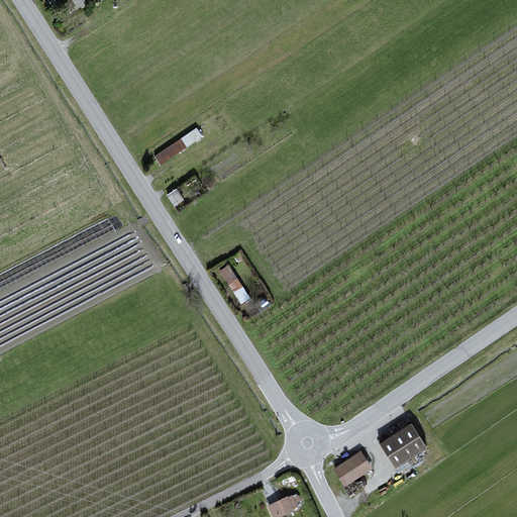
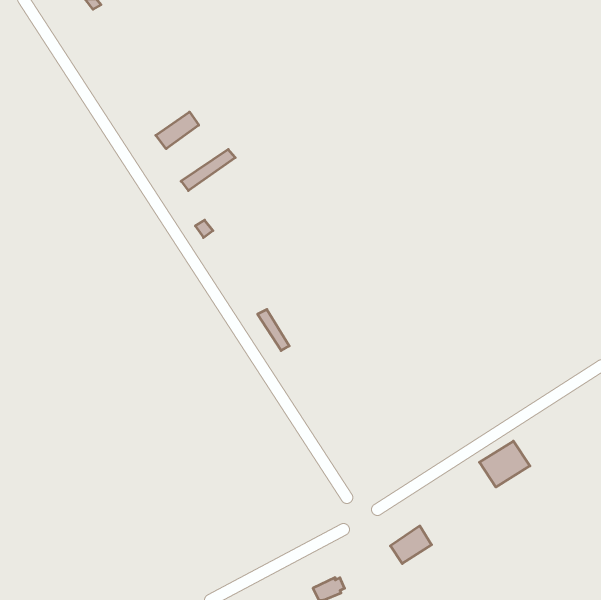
building: none -> [156,112,199,149]
building: [383,425,426,464] -> [479,441,530,487]

